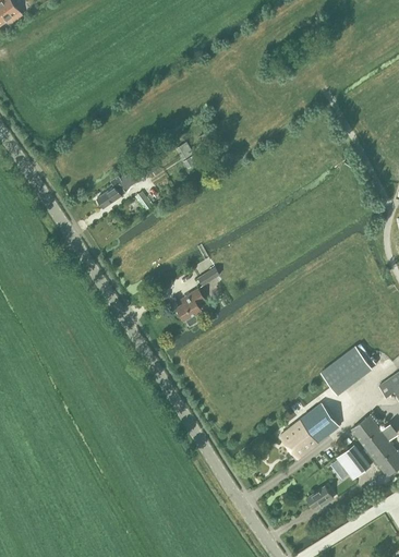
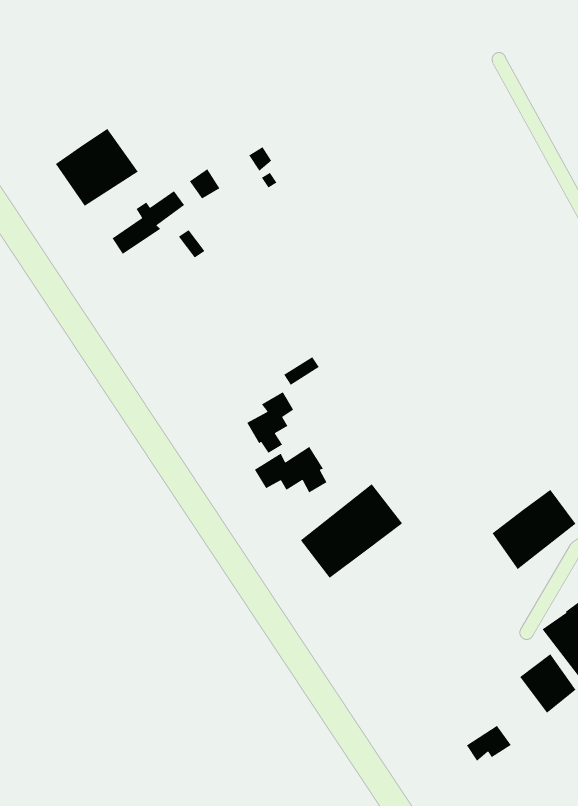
building: none -> [55,128,139,207]
building: none -> [254,446,328,494]
building: [277,403,338,460] -> [300,483,403,579]

